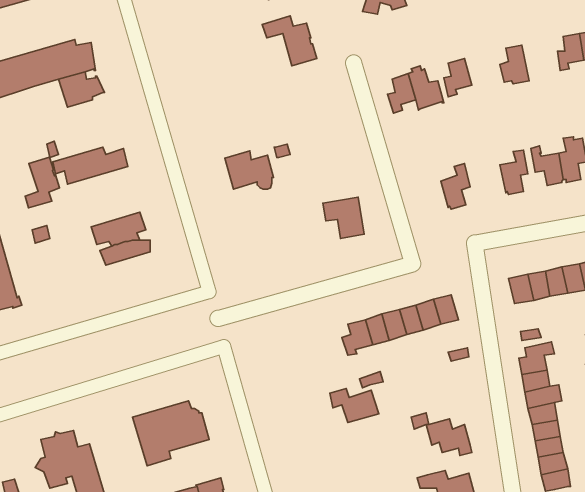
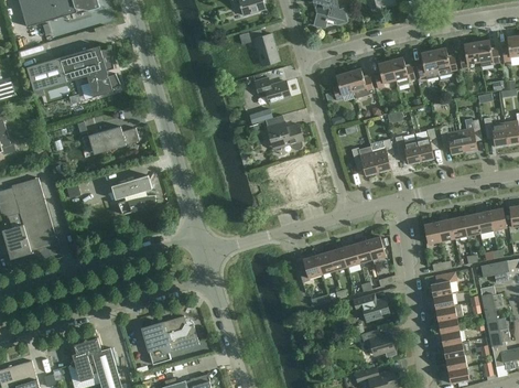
building: none -> [432,47,456,77]
building: none -> [389,57,414,87]
building: none -> [255,78,290,104]
building: [225,151,273,189] -> [266,121,302,150]
building: [25,157,59,208] -> none
building: none -> [394,137,420,165]
building: none -> [350,147,377,177]
building: [330,389,379,423] -> [353,297,389,322]

